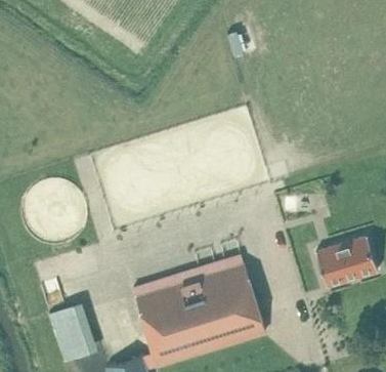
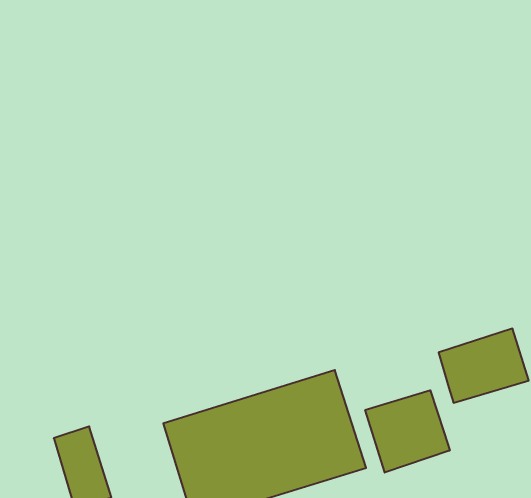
building: none -> [365,390,450,473]

